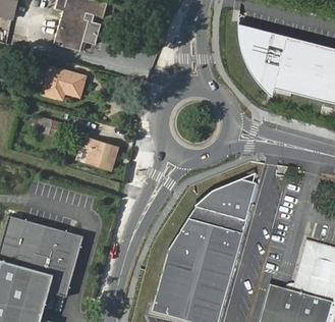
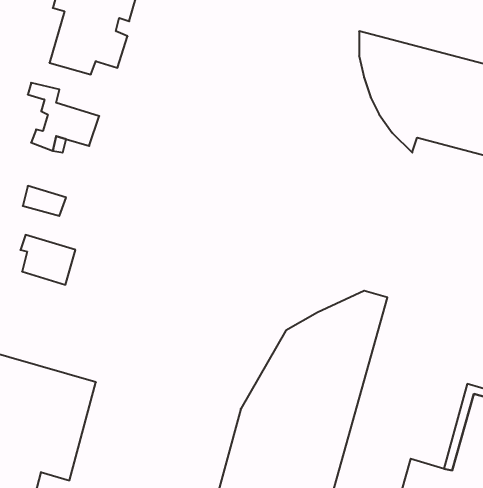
building: [80,139,114,169] -> [20,235,75,285]

